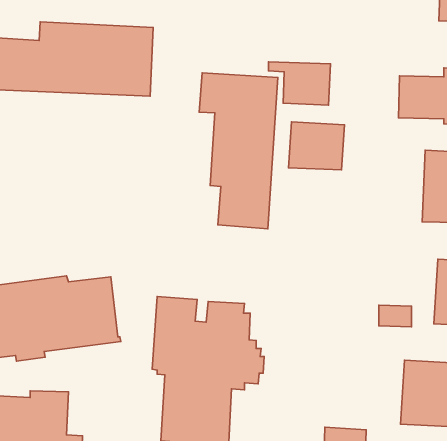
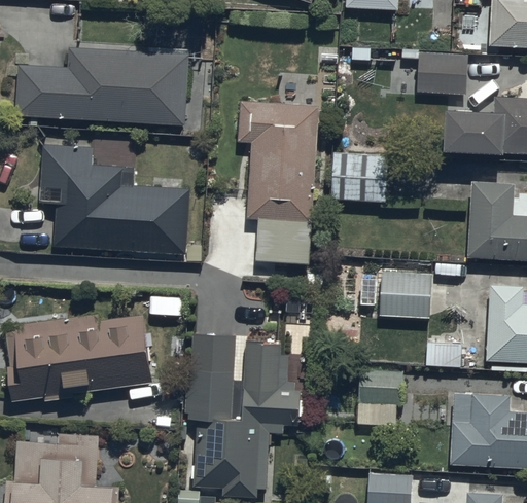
building: [269,62,330,105] -> [402,50,467,96]
building: none -> [40,144,203,263]
building: none -> [378,274,431,320]
building: none -> [361,370,403,426]

